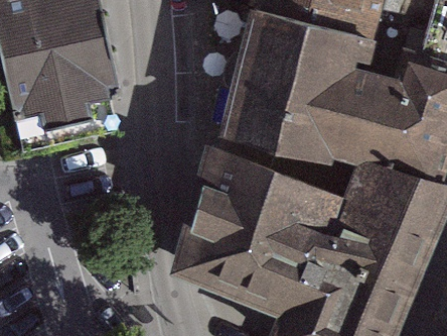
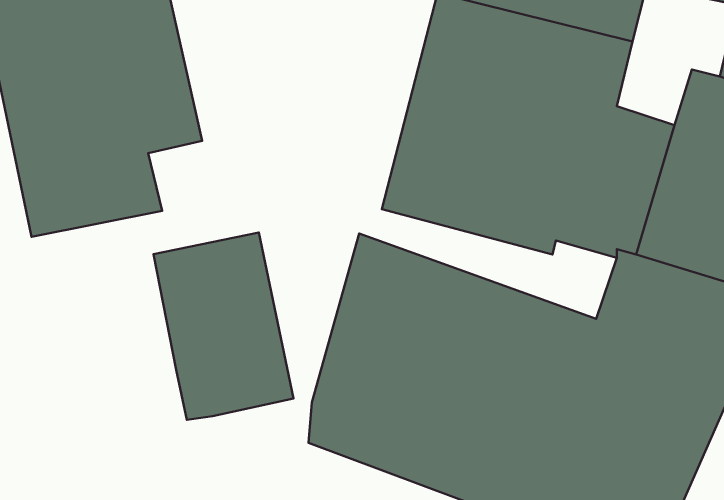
building: none -> [154,233,294,420]

